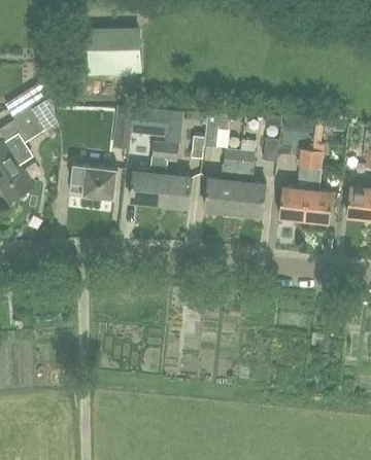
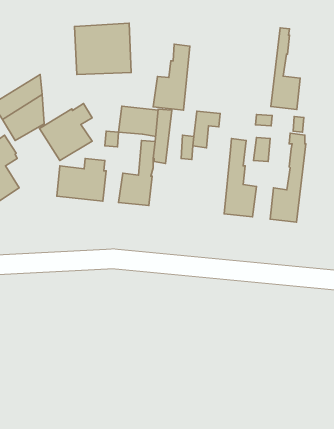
building: none -> [40,104,92,161]
building: [305,144,334,224] -> [271,28,300,110]
building: [204,148,240,213] -> [153,44,190,110]
building: [160,176,193,208] -> none

